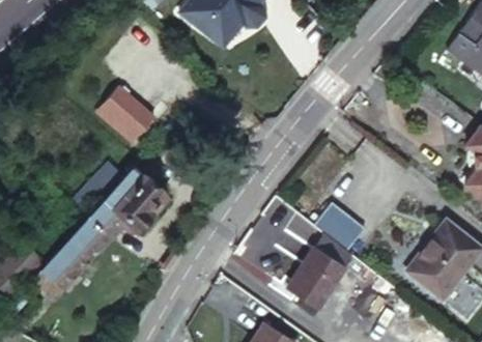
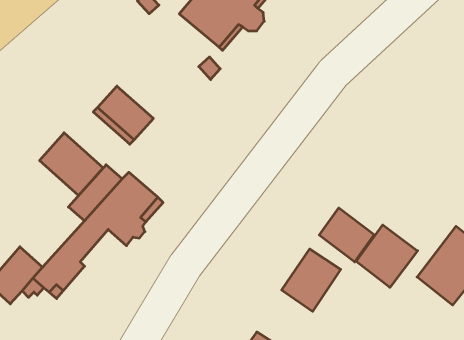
building: none -> [40,133,103,196]
building: none -> [356,225,418,287]

